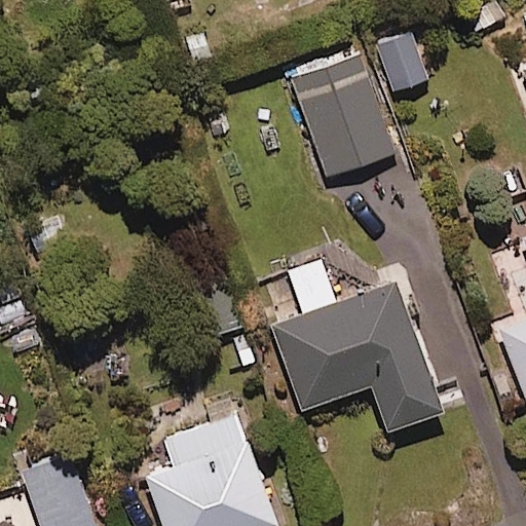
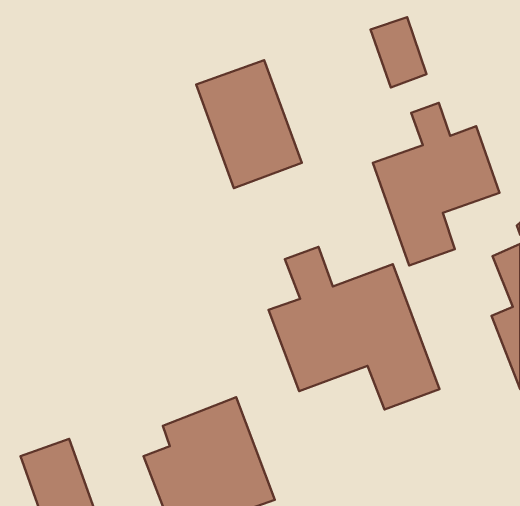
building: [291,54,398,184] -> [196,60,302,188]
building: none -> [373,103,499,265]

